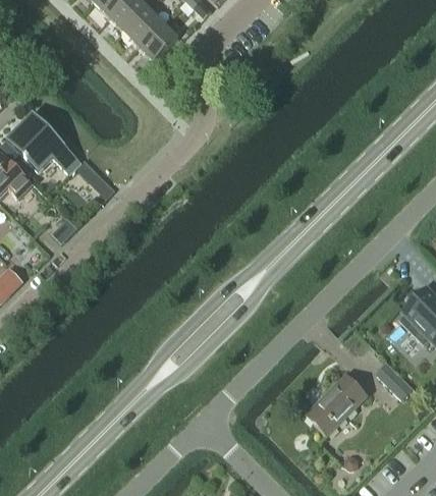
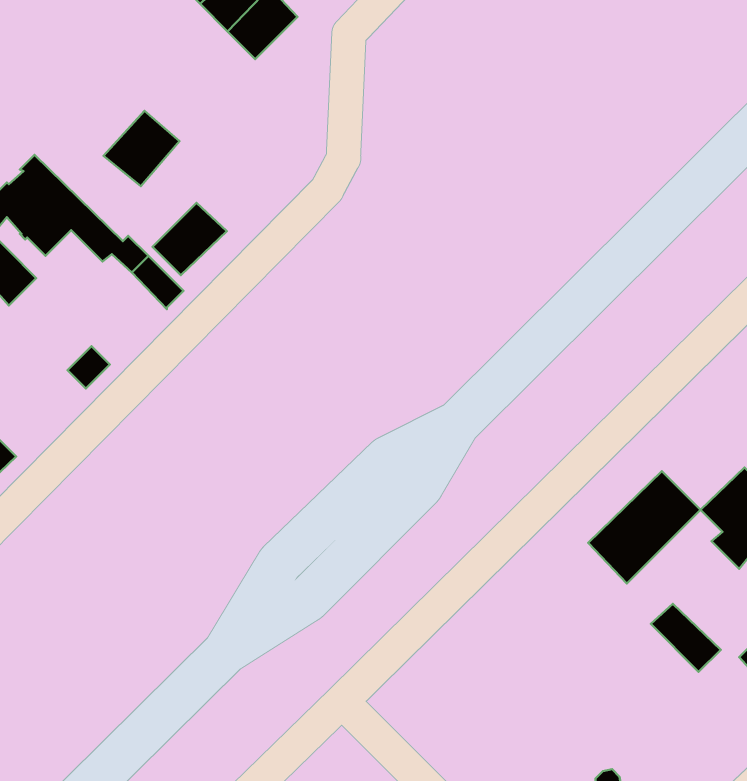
building: none -> [104,111,179,186]
building: none -> [152,203,227,275]
building: [305,374,367,436] -> [588,471,700,583]

